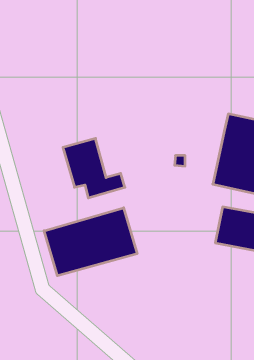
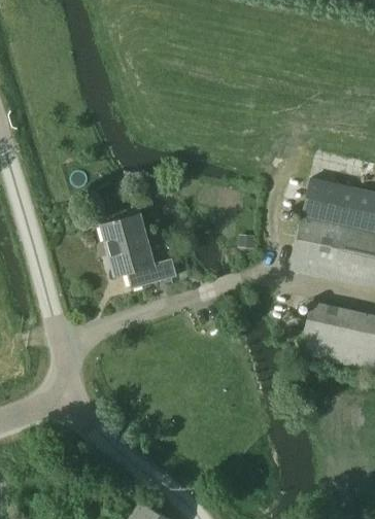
building: [44,208,137,276] -> none

